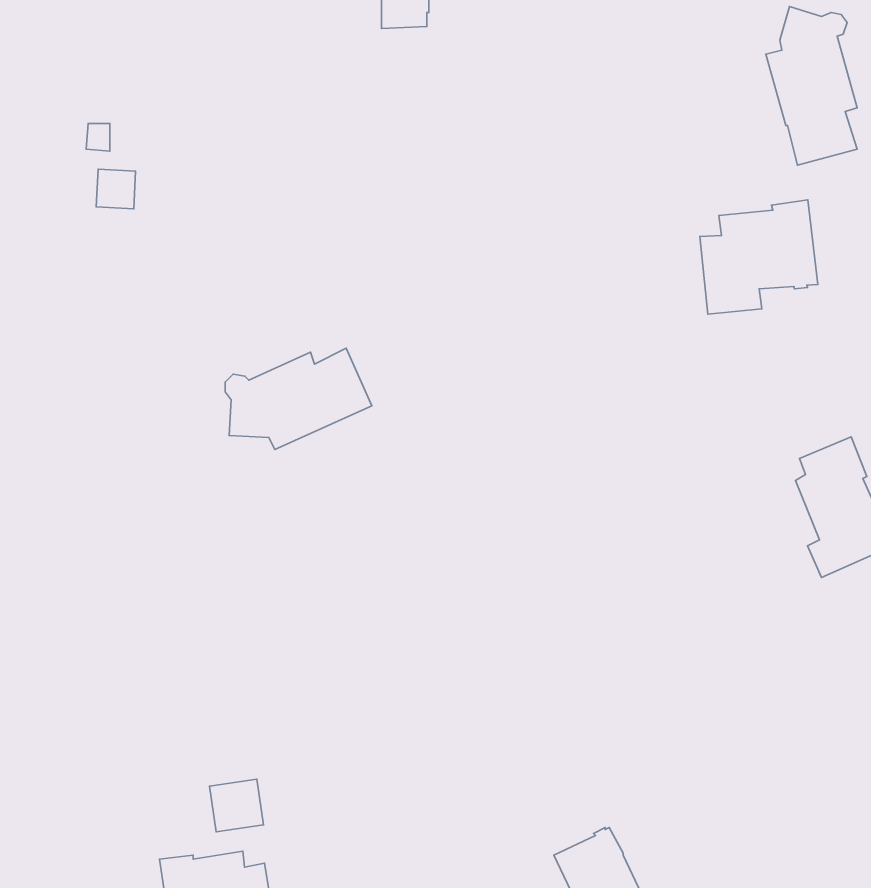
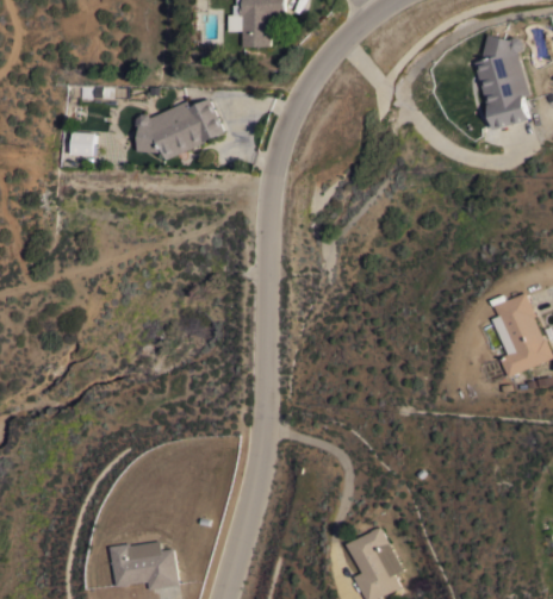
building: [700,200,818,314] -> none
building: [225,348,372,449] -> [136,99,224,160]
building: [210,779,264,832] -> none

